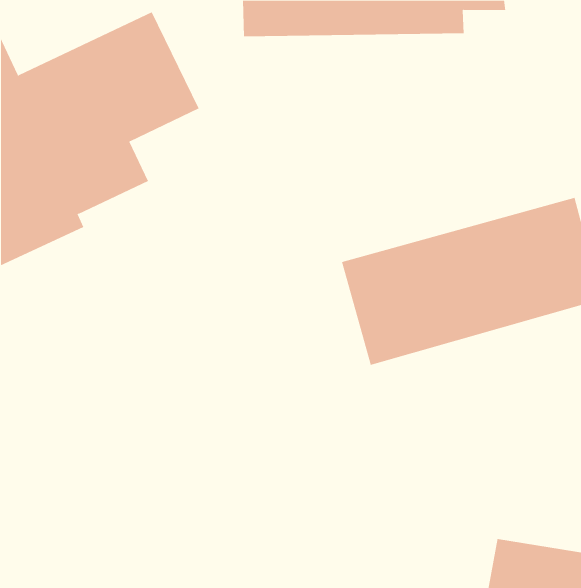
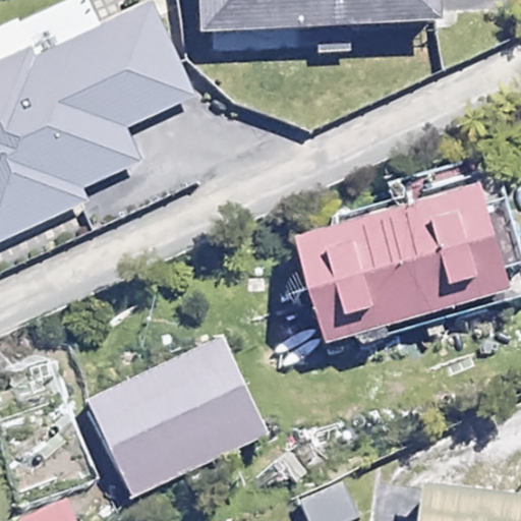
building: none -> [82,337,259,489]

